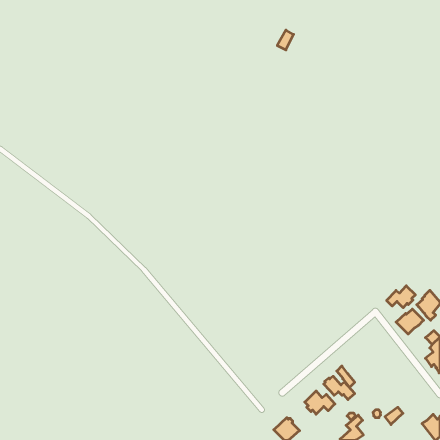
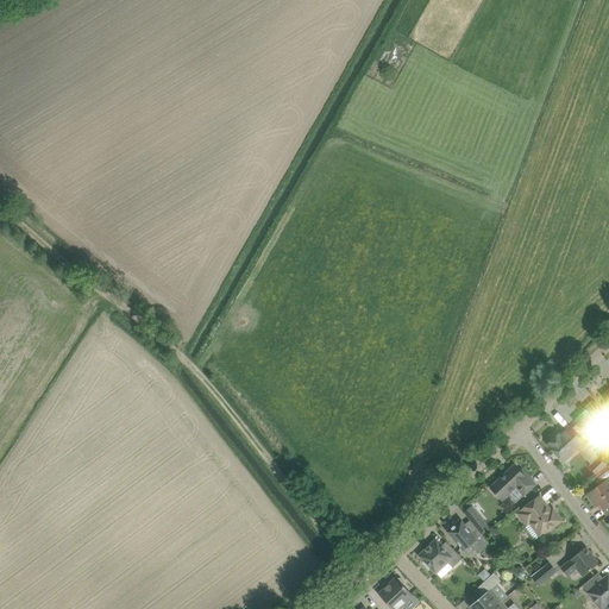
building: [387,286,415,308] -> none
building: none -> [490,465,535,500]
building: none -> [520,496,561,536]
building: none -> [561,548,599,576]

